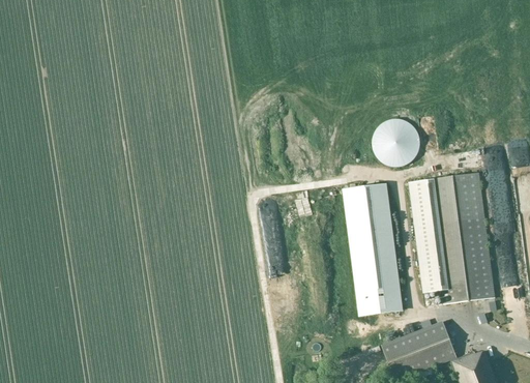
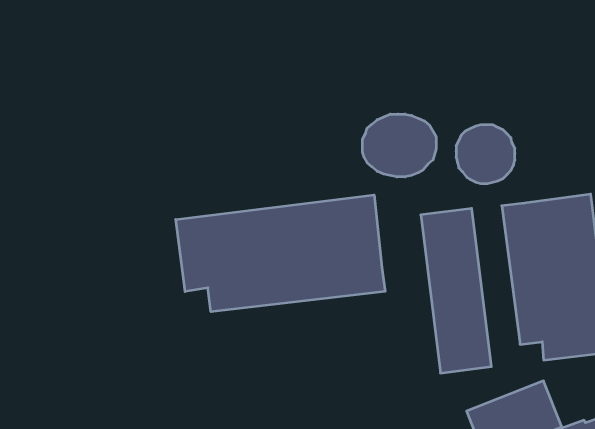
building: none -> [362,114,436,177]
building: none -> [176,195,385,312]

